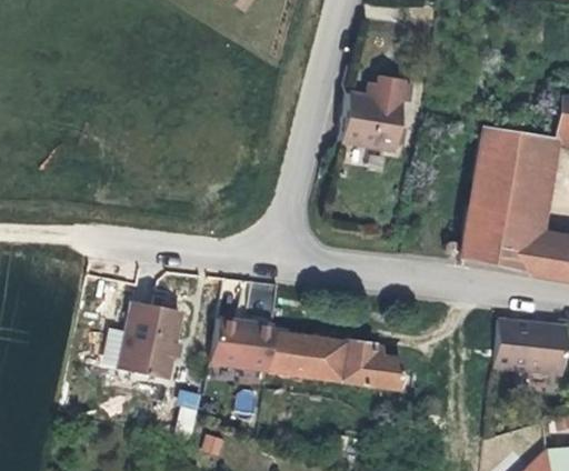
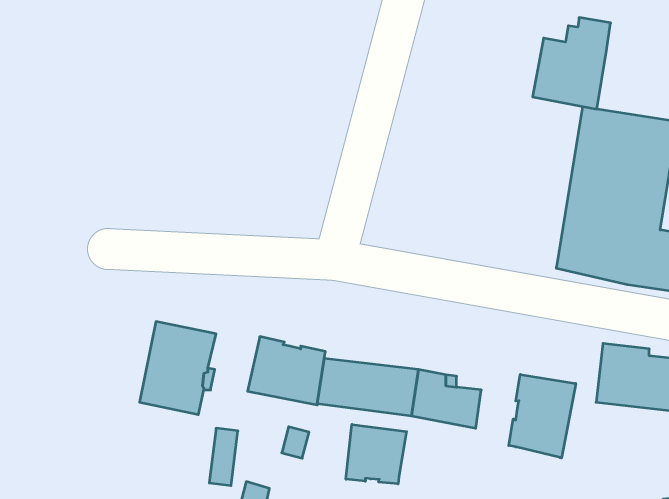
building: [339,76,402,150] -> [533,18,611,109]
building: none -> [509,374,576,458]
building: none -> [346,424,407,484]

